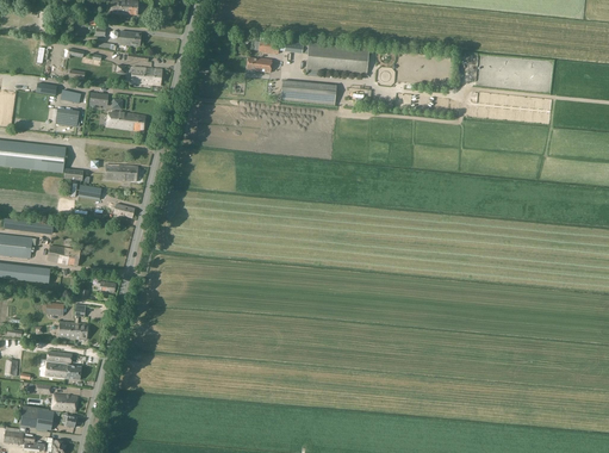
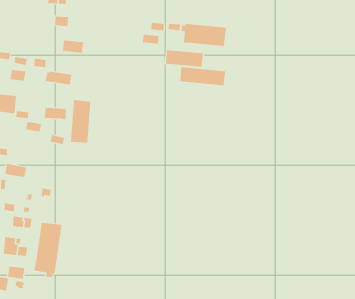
building: none -> [180,66,226,86]
building: none -> [70,99,91,143]
building: none -> [34,222,62,278]

